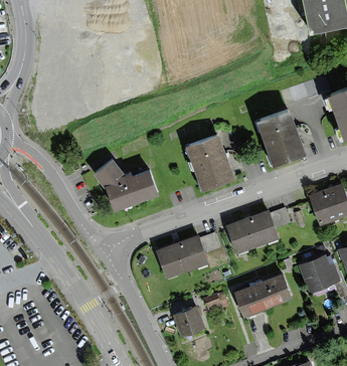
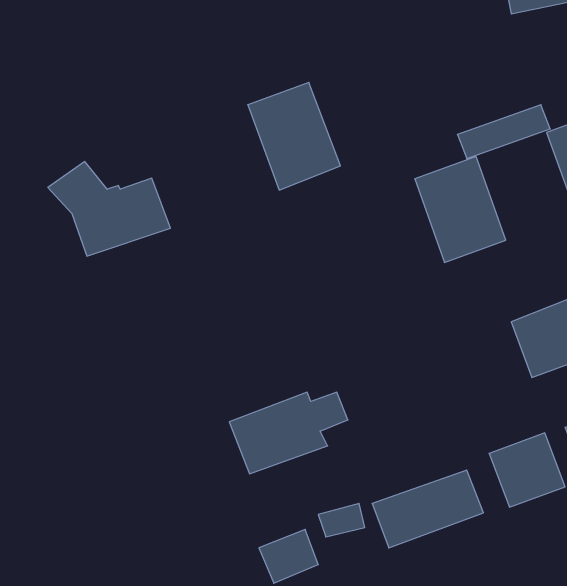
building: [186,132,236,190] -> [248,82,340,190]
building: [94,158,160,209] -> [48,162,170,256]
building: [226,208,292,253] -> none

